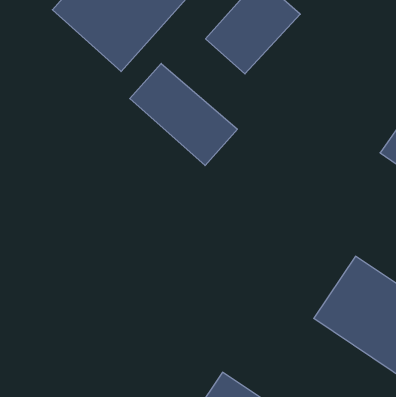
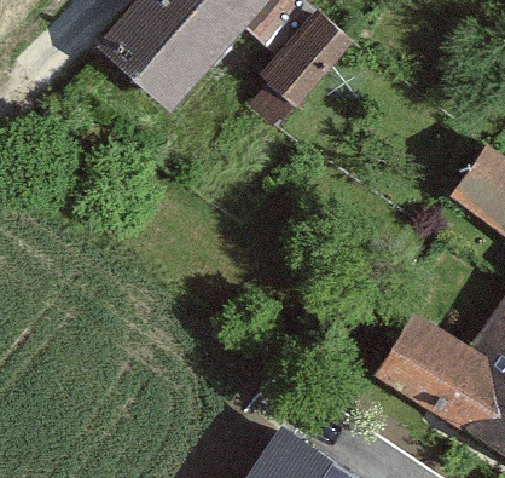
building: [130,63,237,166] -> none

